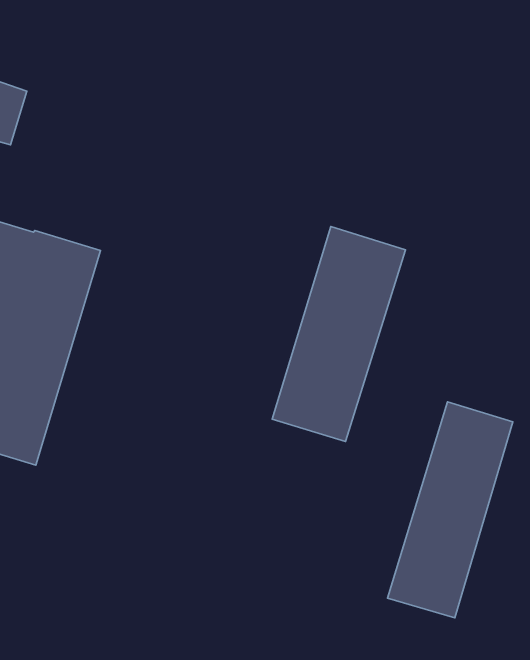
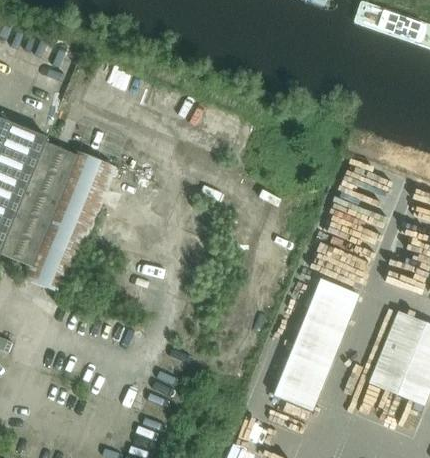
building: [272,226,406,442] -> none

